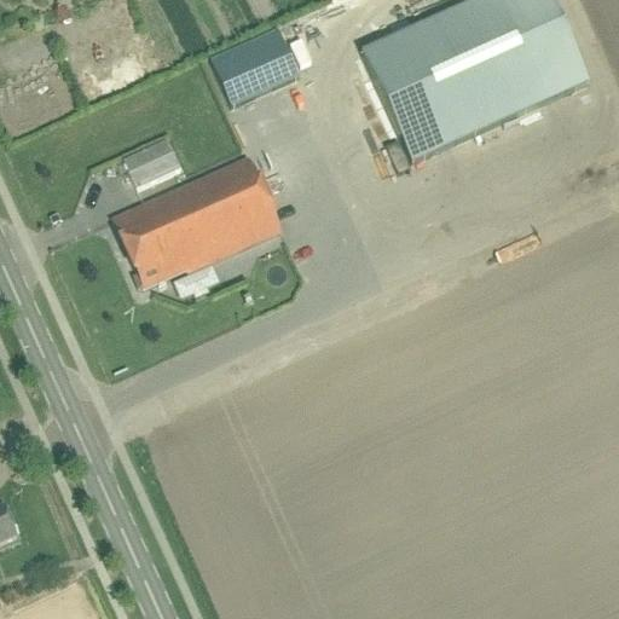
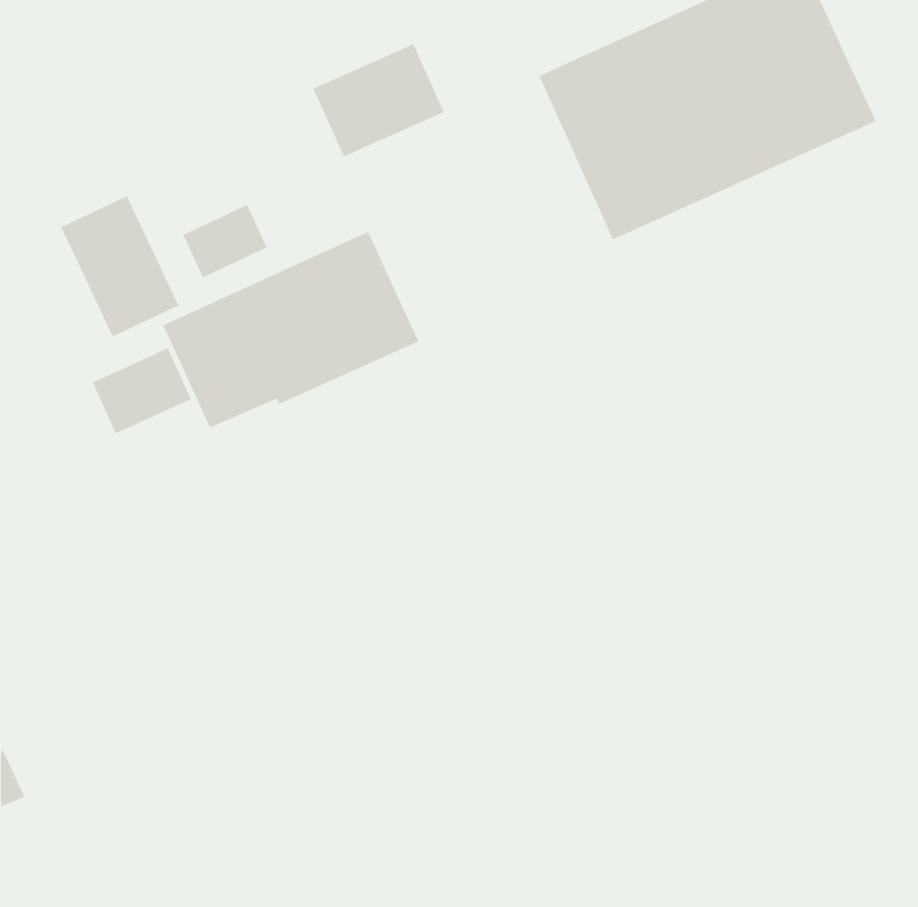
building: none -> [60,195,179,337]
building: none -> [92,348,192,434]

